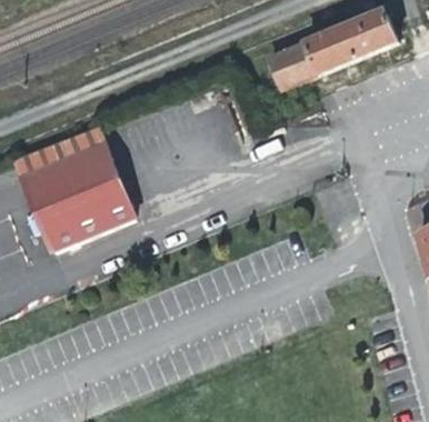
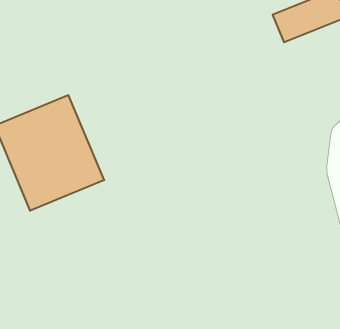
building: [268,40,327,90] -> none

